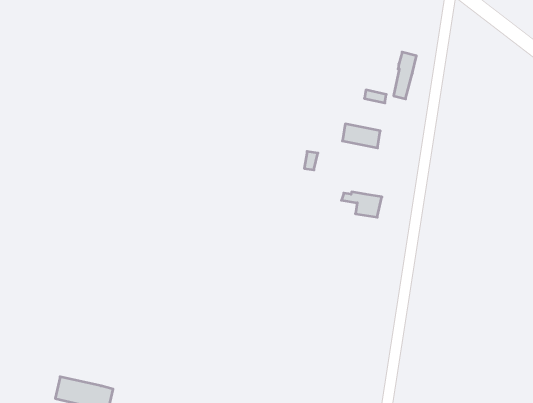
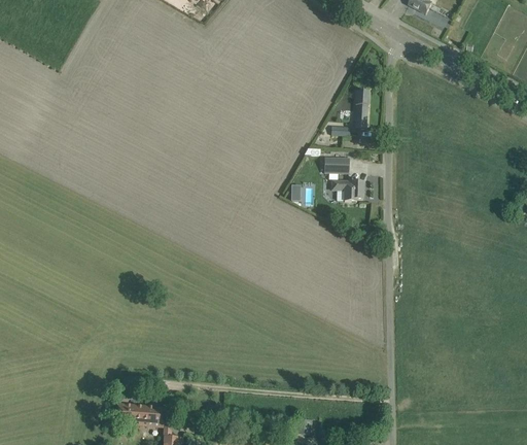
building: [341,192,382,217] -> [330,181,363,199]

